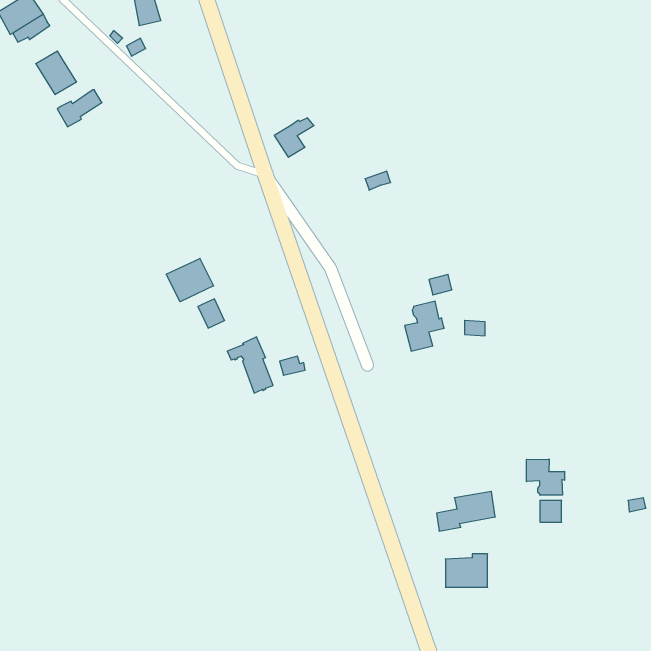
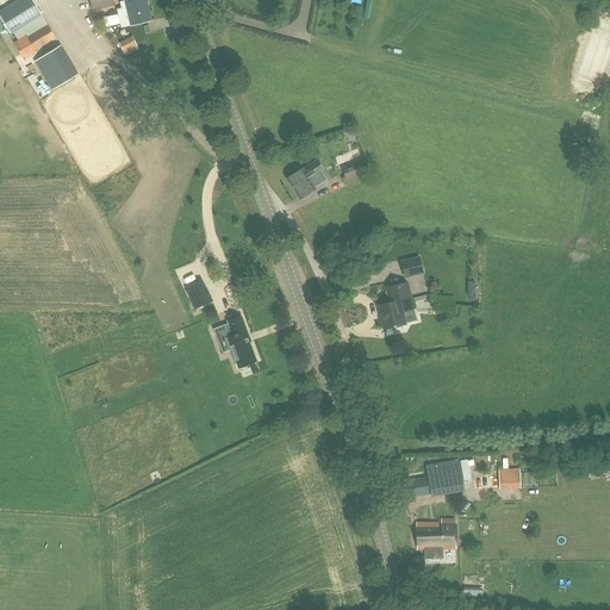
building: [57,90,102,127] -> [13,24,55,58]
building: [274,118,314,157] -> [286,161,323,198]
building: [166,258,214,302] -> none
building: [527,459,565,495] -> none

